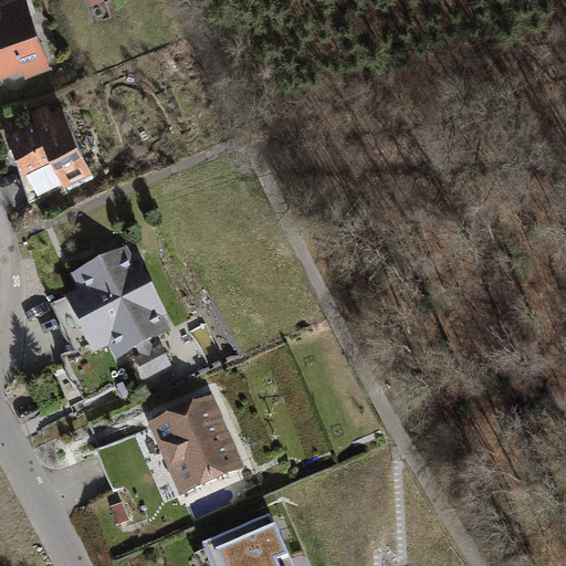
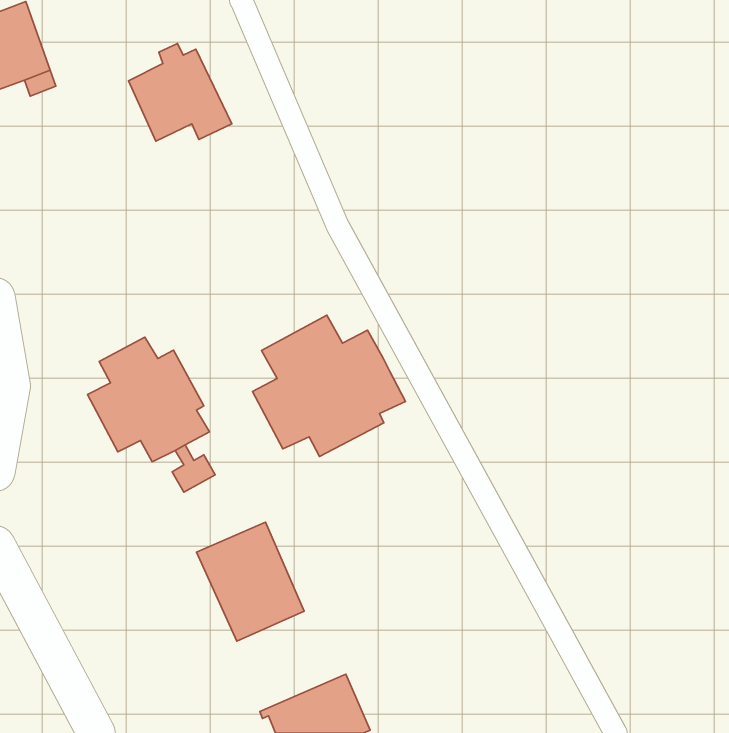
building: [7,105,86,180] -> [129,44,232,141]
building: none -> [252,315,406,457]

